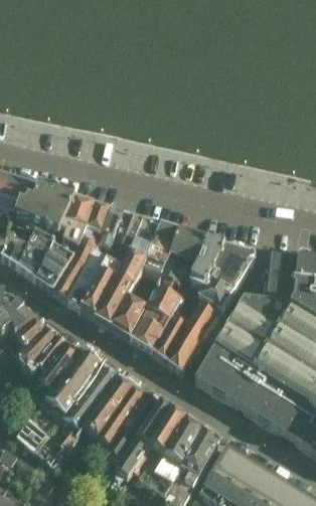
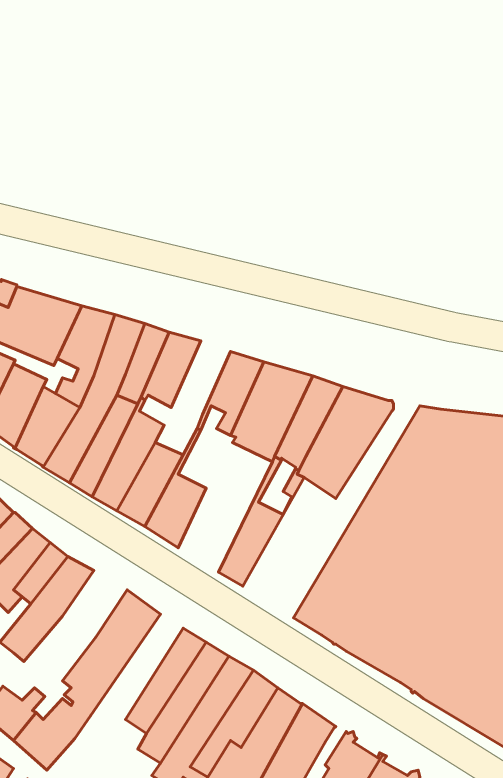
building: [115,218,158,284] -> none
building: [128,277,182,351] -> none
building: [165,297,218,370] -> none
building: [39,350,99,418] -> none
building: [84,375,131,436] -> none

